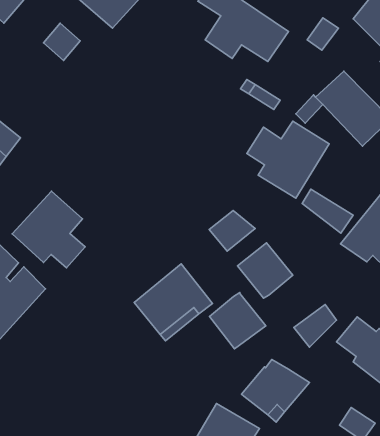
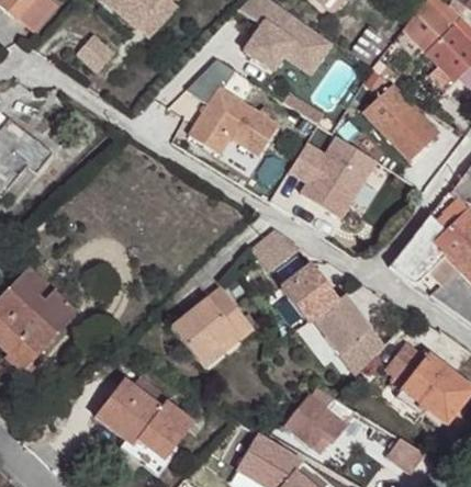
building: none -> [184,60,278,155]
building: [302,189,353,233] -> none
building: [12,191,85,268] -> none
building: [210,292,266,349] -> [313,294,372,353]
building: none -> [96,376,194,461]

